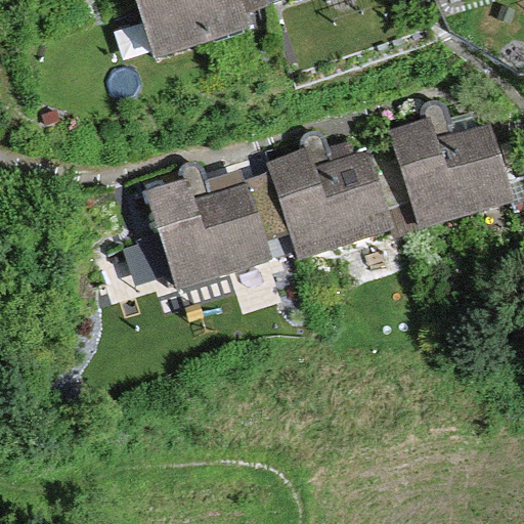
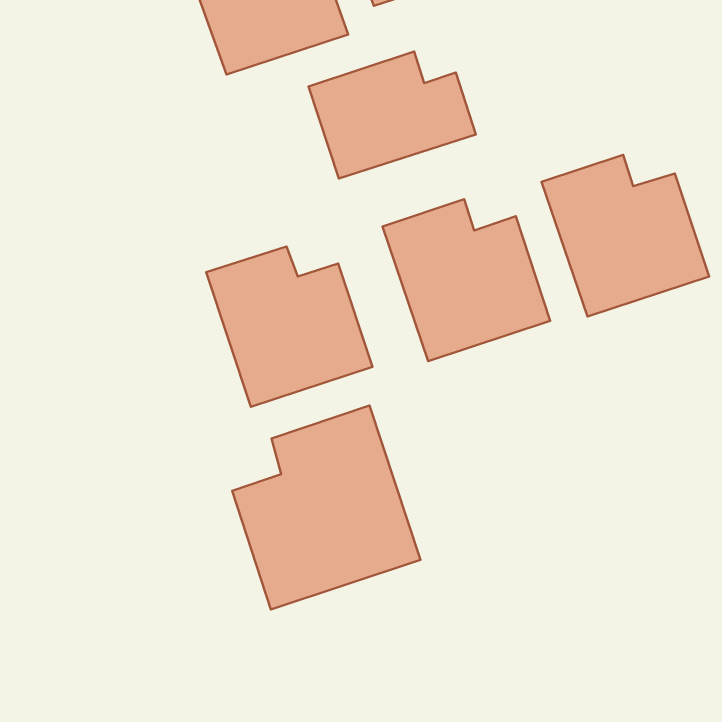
building: none -> [308,52,476,179]
building: none -> [232,406,420,609]

